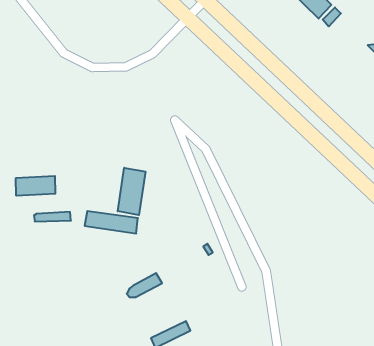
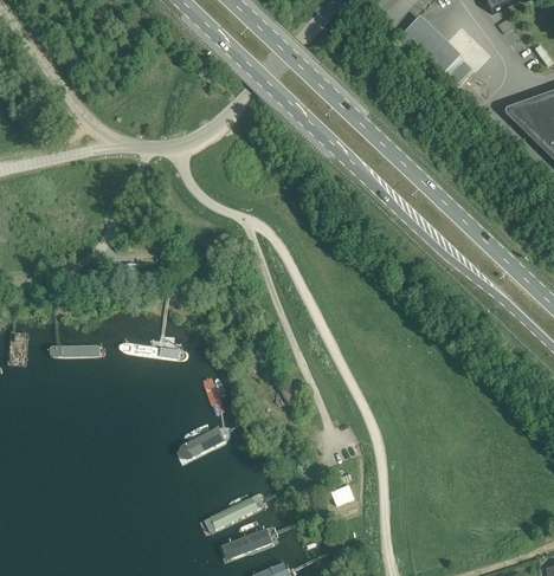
building: [118,168,145,215] -> none
building: [16,176,55,196] -> none

